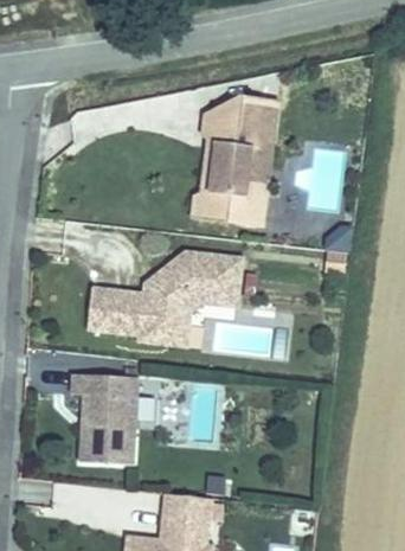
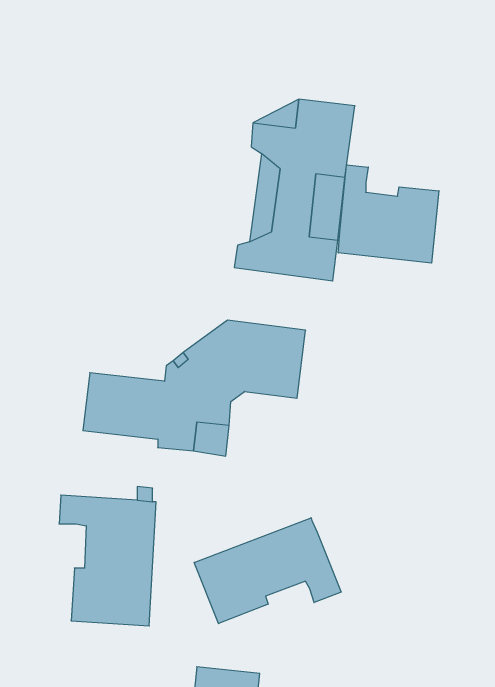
building: none -> [338,165,439,263]
building: none -> [194,518,341,624]

